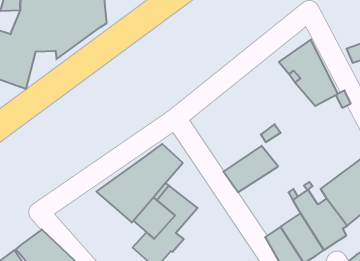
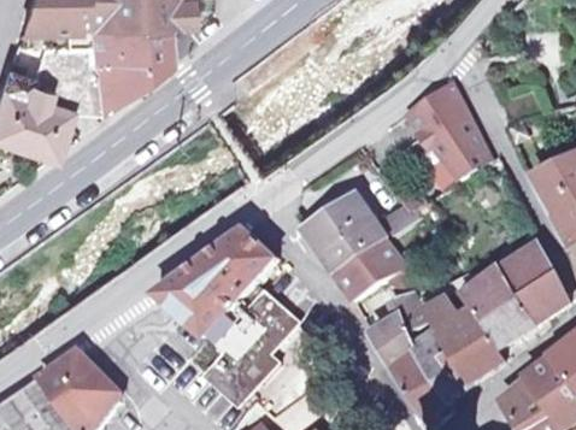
building: none -> [301,195,382,269]
building: none -> [369,288,427,360]

